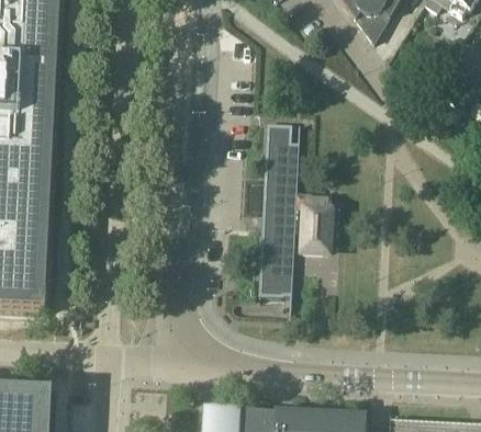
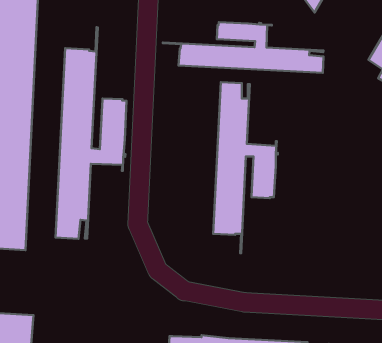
building: none -> [163,22,324,73]
building: none -> [56,27,126,239]

